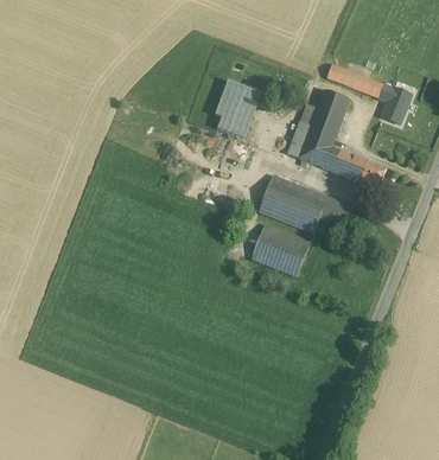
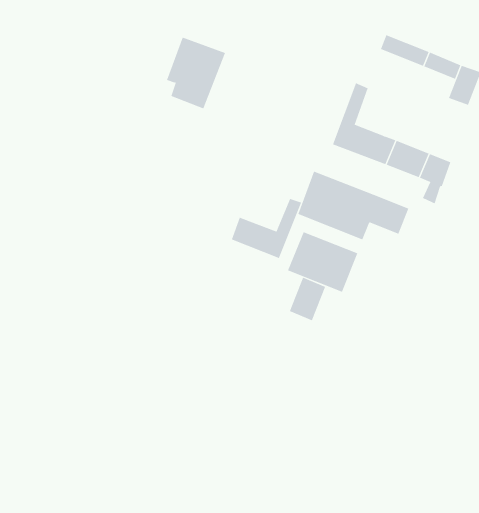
building: [218,79,267,139] -> [166,37,226,109]
building: [307,90,350,147] -> none
building: none -> [231,198,302,259]
building: none -> [289,277,326,321]

